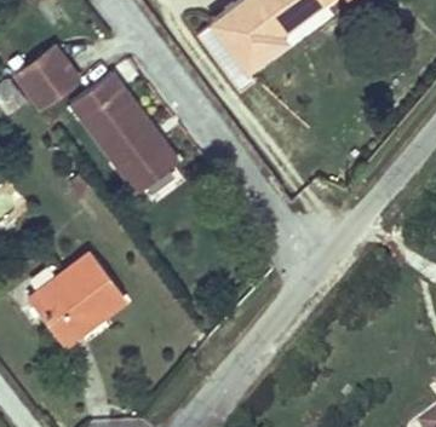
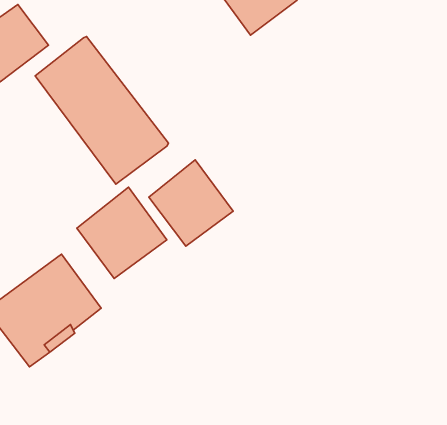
building: none -> [149,160,233,246]
building: none -> [77,187,167,278]

